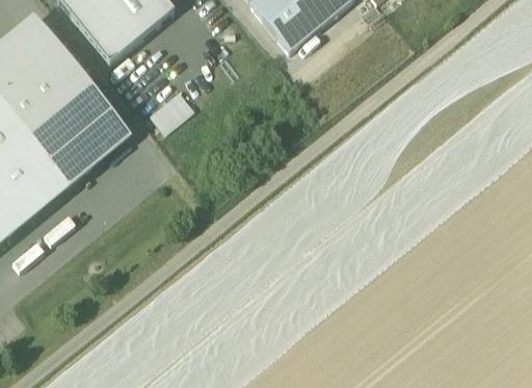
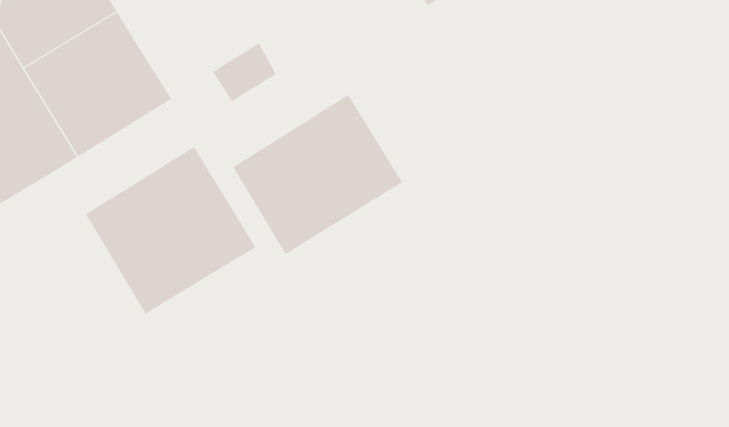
building: none -> [232,94,403,255]
building: none -> [85,146,256,315]

